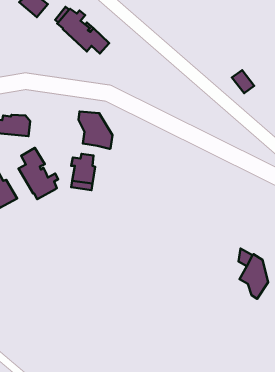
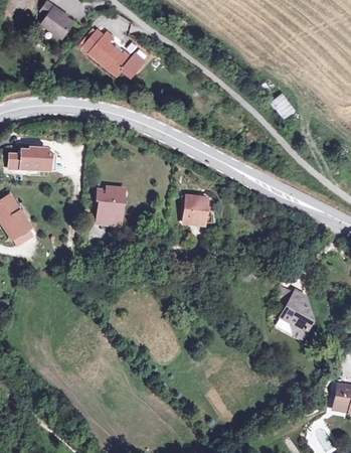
building: [79,111,112,149] -> none
building: [19,148,58,199] -> none
building: none -> [184,199,207,228]

